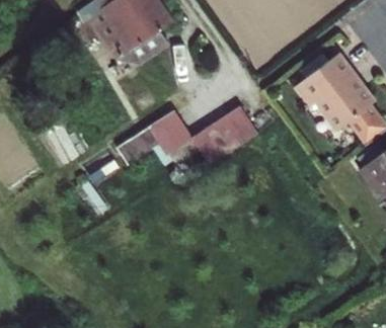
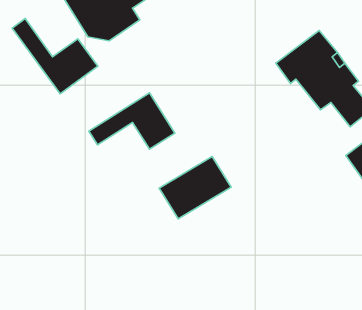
building: none -> [12,19,98,94]
building: [196,103,264,163] -> [159,156,231,219]

